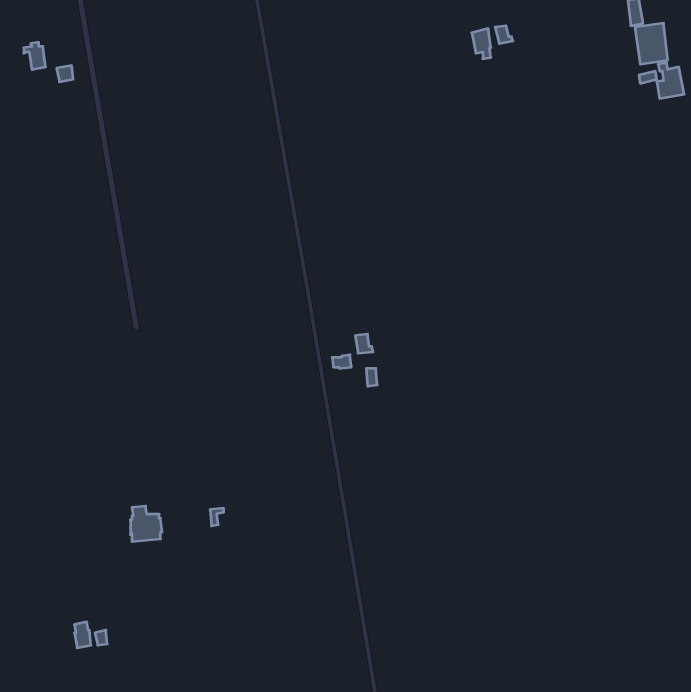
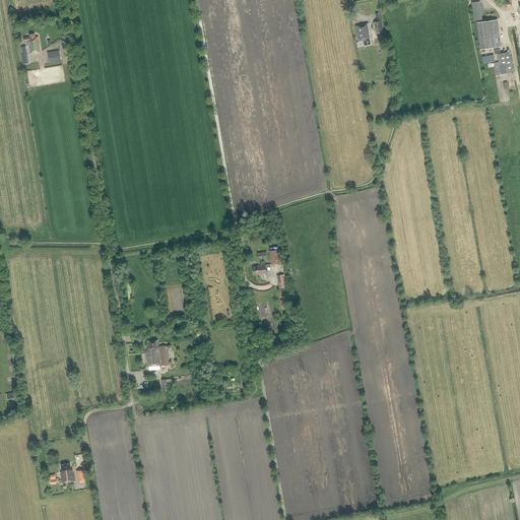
building: [130,506,162,542] -> [145,340,169,367]

